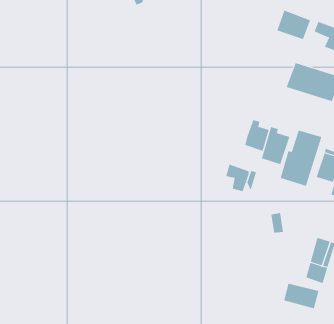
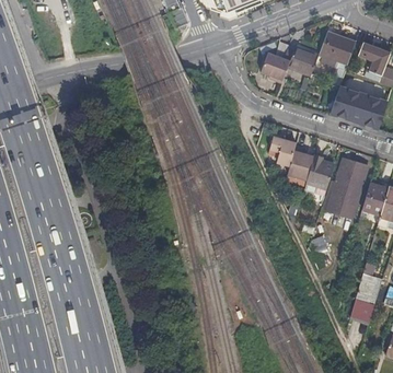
building: none -> [262,45,320,81]
building: [226,164,249,192] -> [269,135,294,164]
building: [284,283,319,309] -> none

